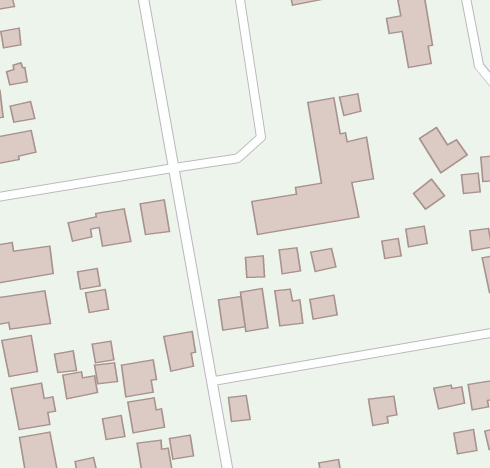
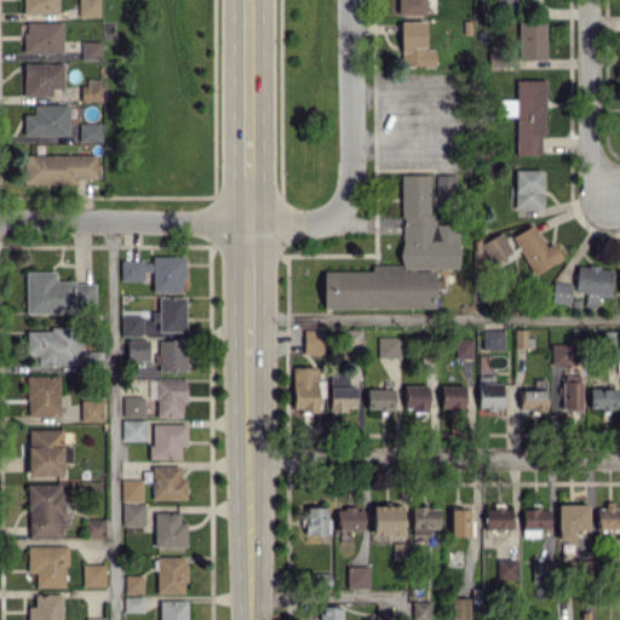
building: none -> [517,171,546,209]
building: [414,179,444,209] -> [483,232,516,264]
building: [140,200,170,234] -> [161,298,188,333]
building: none -> [481,377,506,411]
building: none -> [523,390,549,412]
building: none -> [442,385,466,411]
building: none -> [161,341,189,372]
building: none -> [406,385,431,411]
building: [219,297,245,330] -> none
building: [164,332,196,371] -> [157,380,189,419]
building: [63,372,97,399] -> none
building: none -> [453,510,475,538]
building: [228,396,250,422] -> [308,507,328,535]
building: none -> [374,505,404,536]
building: none -> [338,509,366,530]
building: [169,435,194,459] -> [125,504,148,527]

